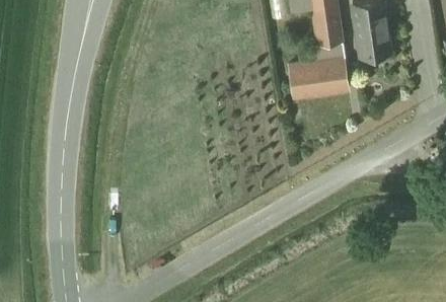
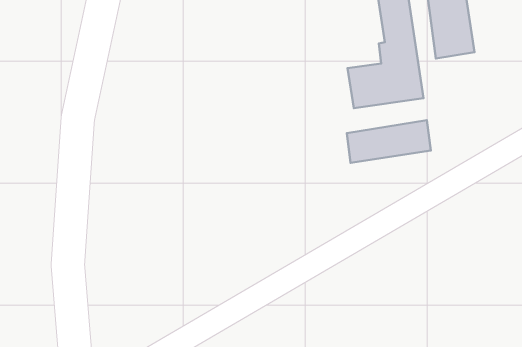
building: none -> [347,120,431,163]

